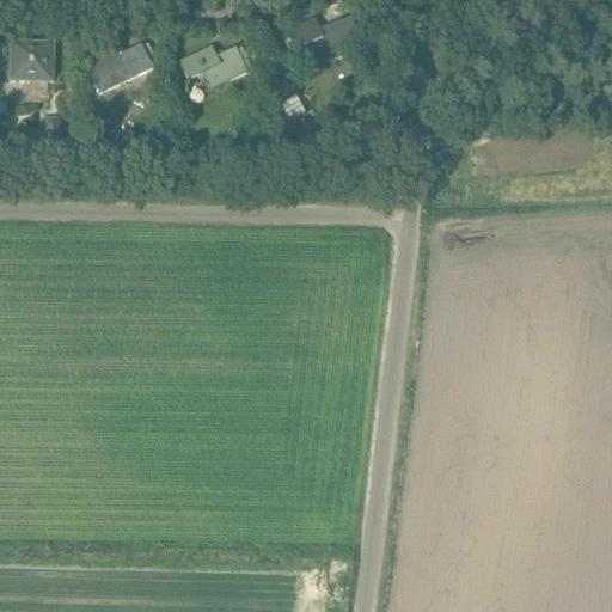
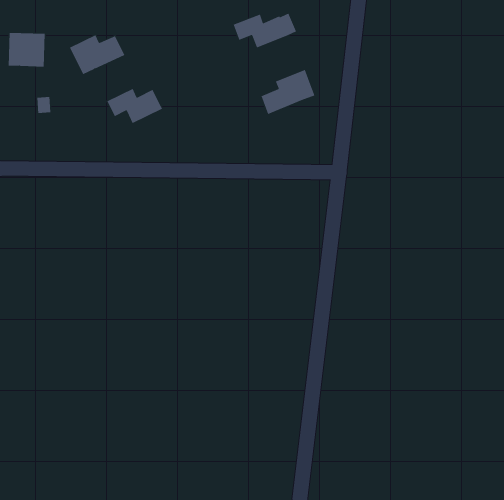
building: [179,44,247,87] -> [107,88,163,124]
building: none -> [261,69,315,115]

